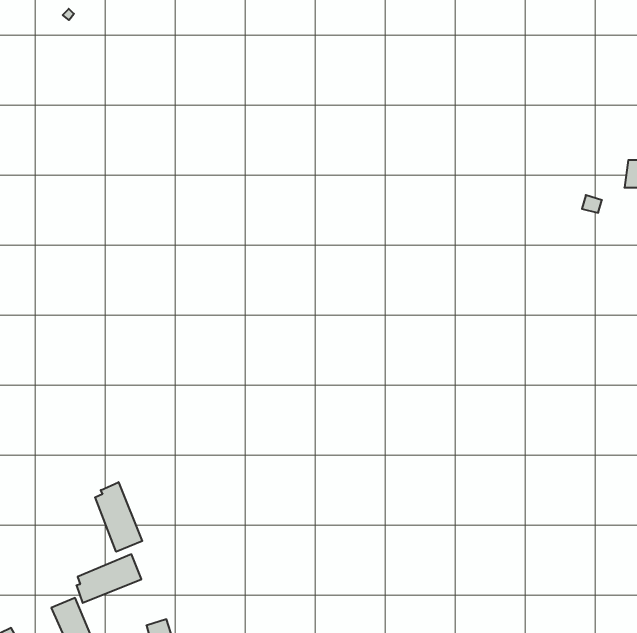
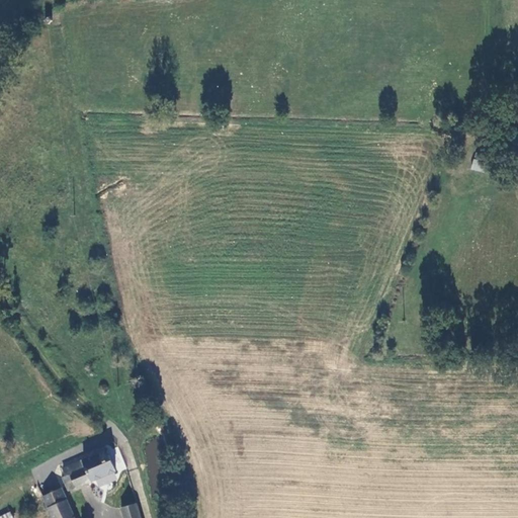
building: [95,482,142,552] -> none

